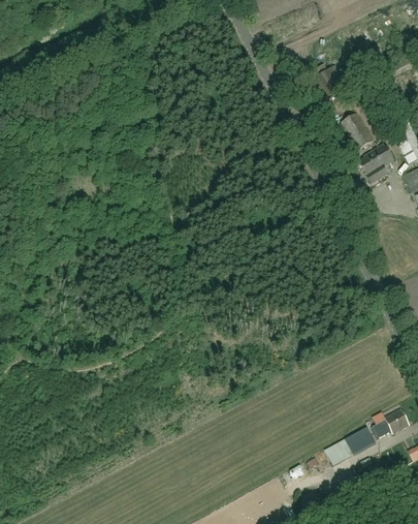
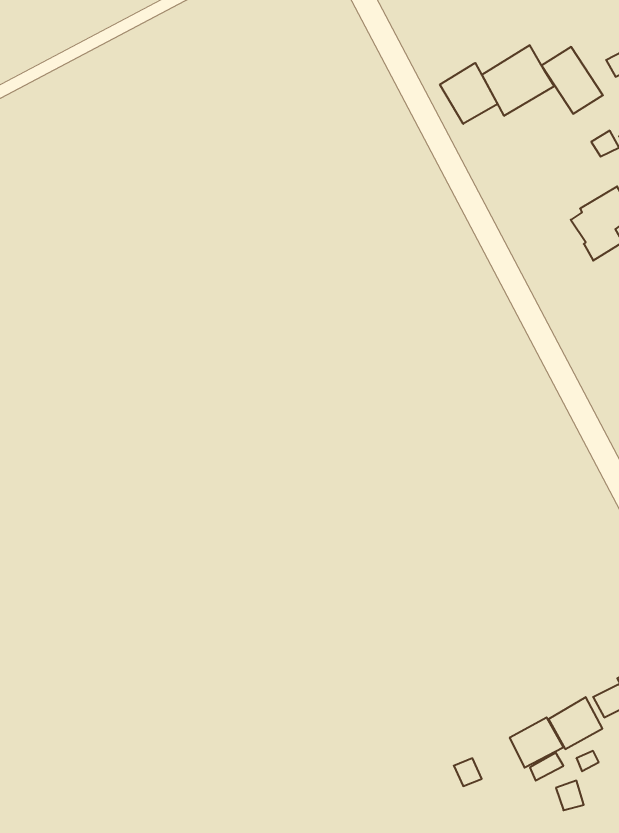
building: none -> [440,63,497,124]
building: [339,112,373,149] -> [542,47,603,114]

